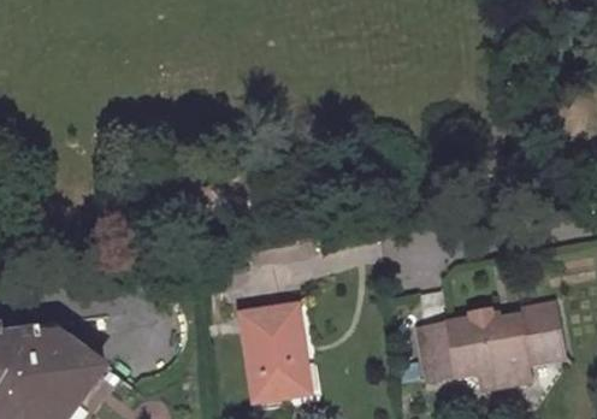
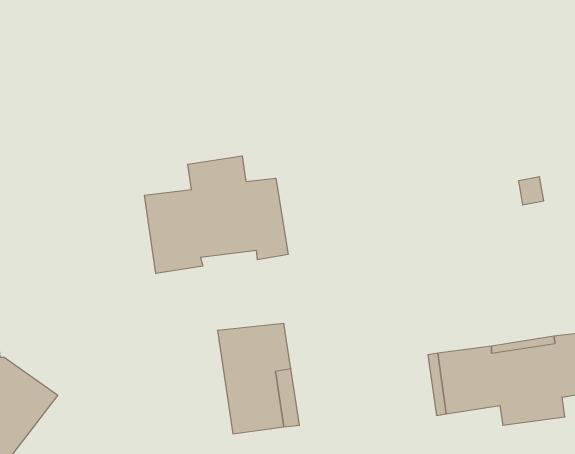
building: none -> [144,156,288,274]

